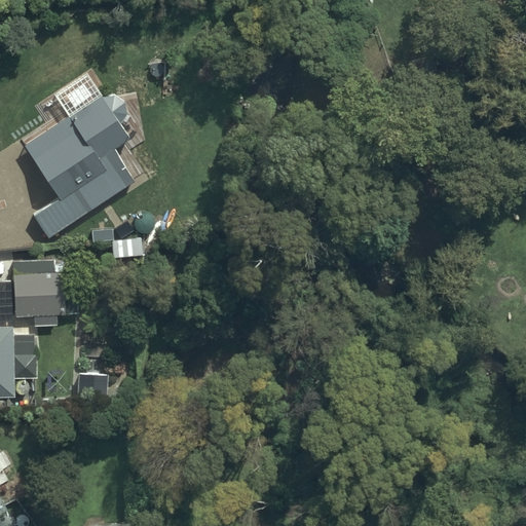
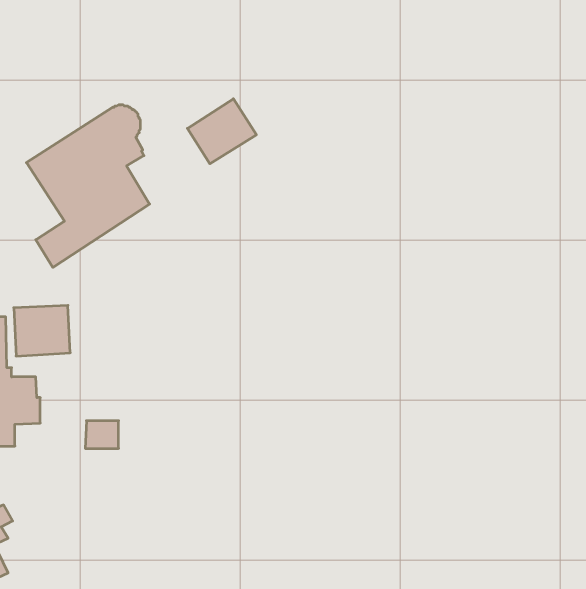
building: none -> [187,99,256,164]

